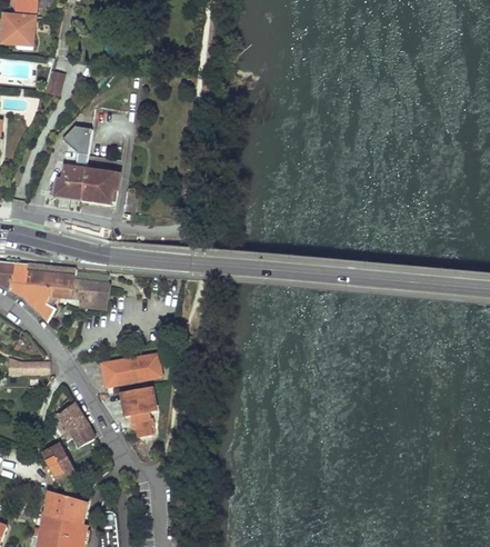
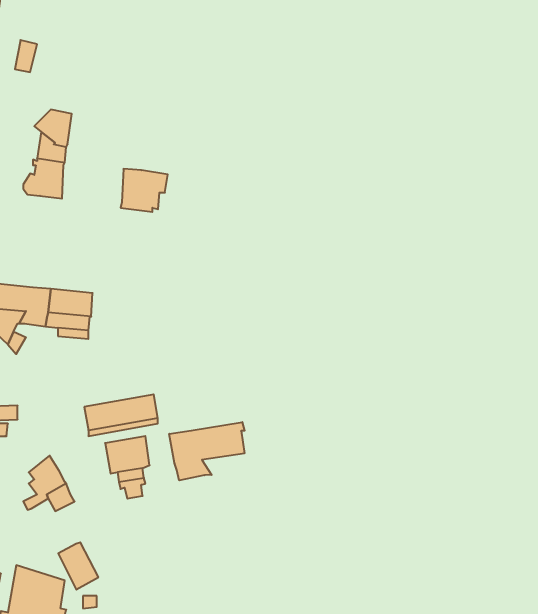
building: [82,170,120,205] -> [121,169,168,212]
building: none -> [169,422,245,480]
building: [41,445,73,483] -> [58,542,98,590]

